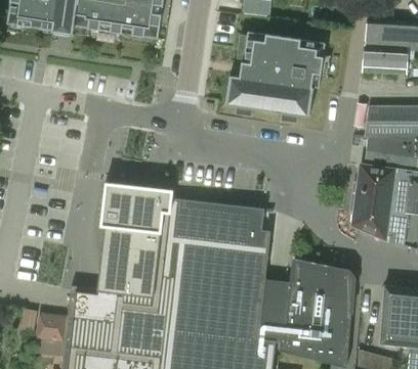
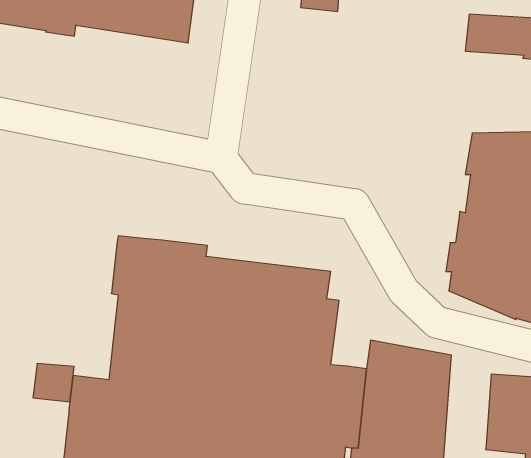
building: [225,33,330,118] -> none
building: [362,46,409,76] -> none
building: [35,314,66,342] -> [33,364,74,402]

